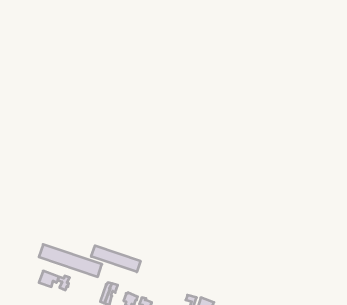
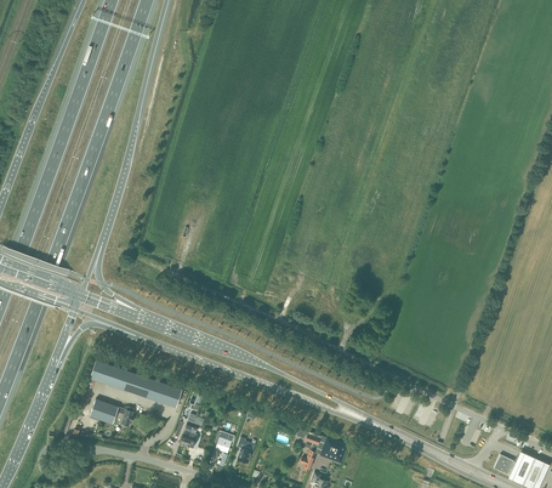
building: [91,246,140,272] -> none

